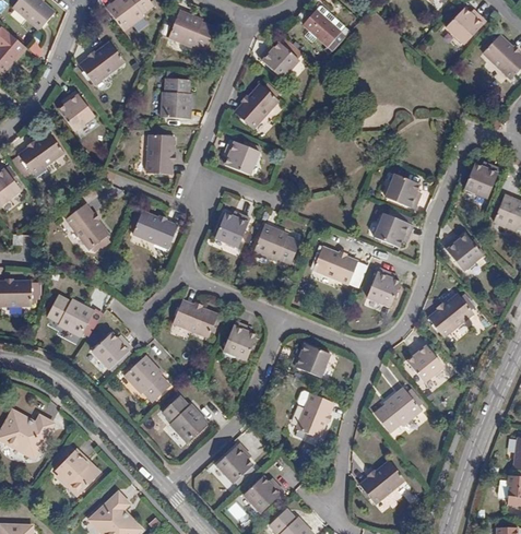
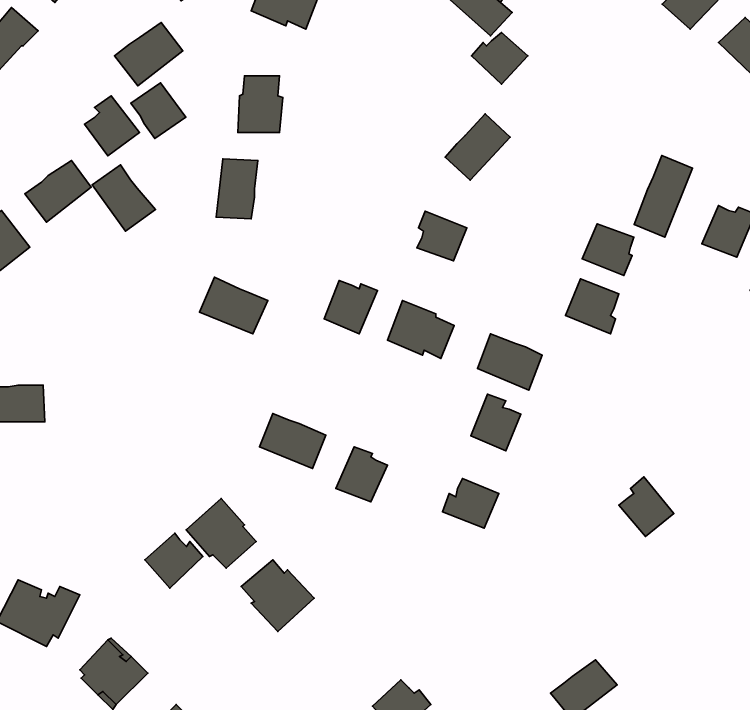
building: [254,44,292,78] -> [471,33,528,84]
building: none -> [131,83,186,138]
building: [229,84,272,128] -> [445,114,510,180]
building: none -> [634,156,692,237]
building: [218,140,251,173] -> [417,211,467,261]
building: [67,205,108,249] -> [92,165,155,231]
building: [443,234,483,270] -> none
building: [369,269,402,306] -> [471,394,521,451]
building: [431,293,475,334] -> none
building: [49,295,95,336] -> none
building: [94,332,132,368] -> [145,533,203,588]
building: [378,387,423,431] -> none
building: [299,392,334,437] -> none
building: [220,442,254,480] -> none

